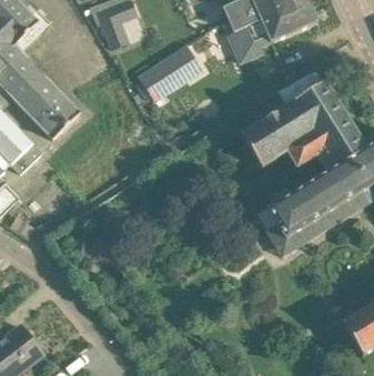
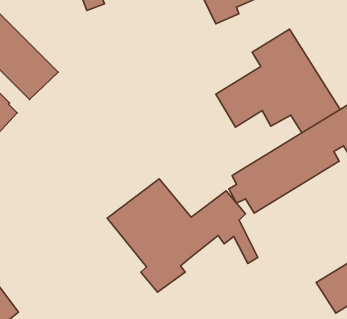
building: [138,51,190,101] -> none
building: none -> [107,179,258,292]

